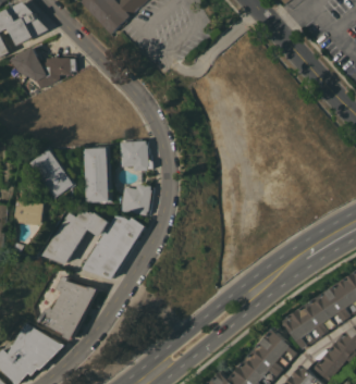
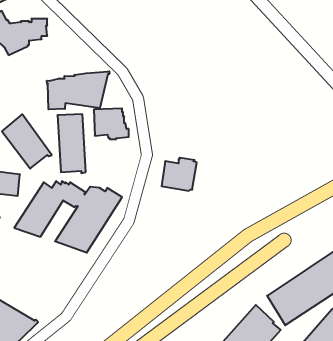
building: none -> [47,71,109,109]
building: [119,183,152,214] -> [162,158,197,191]
building: [38,275,97,339] -> none

